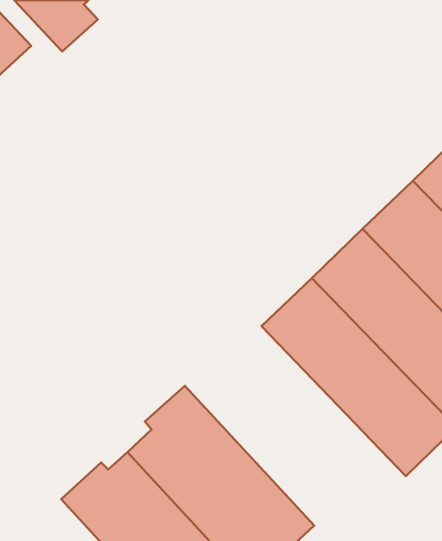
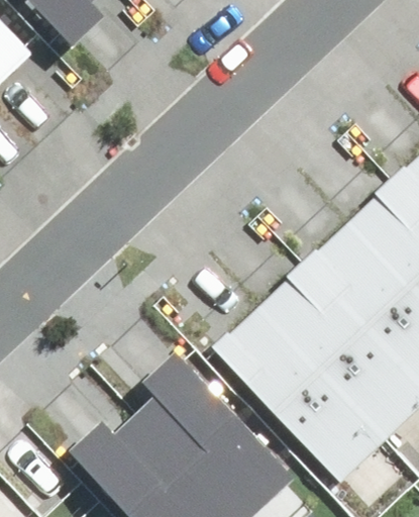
building: none -> [211,304,383,479]

